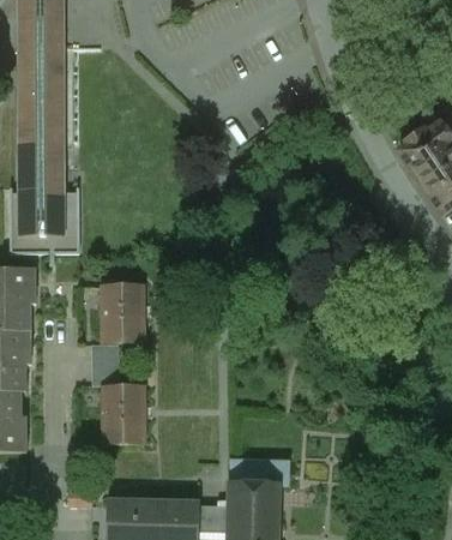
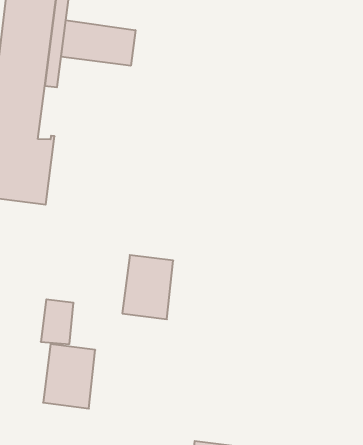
building: none -> [61,20,135,66]
building: [101,284,144,341] -> [122,255,173,319]

